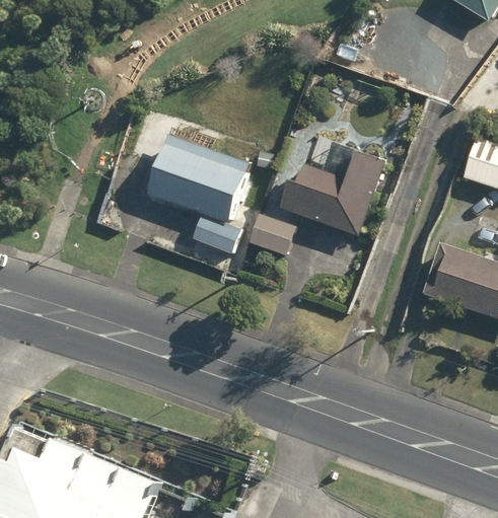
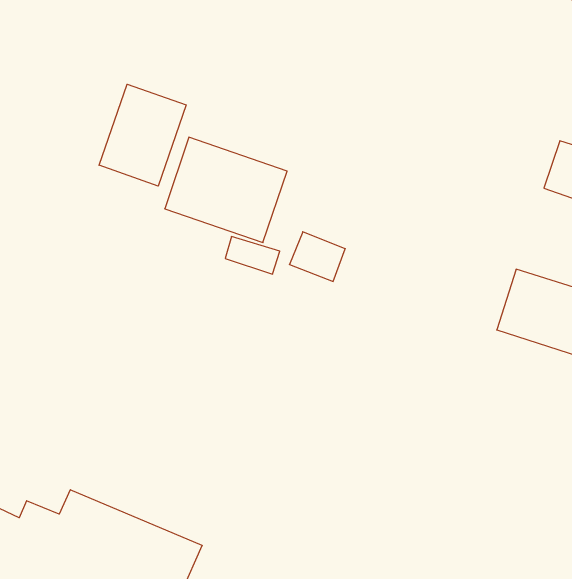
building: none -> [99,84,186,186]
building: [279,139,384,236] -> none

